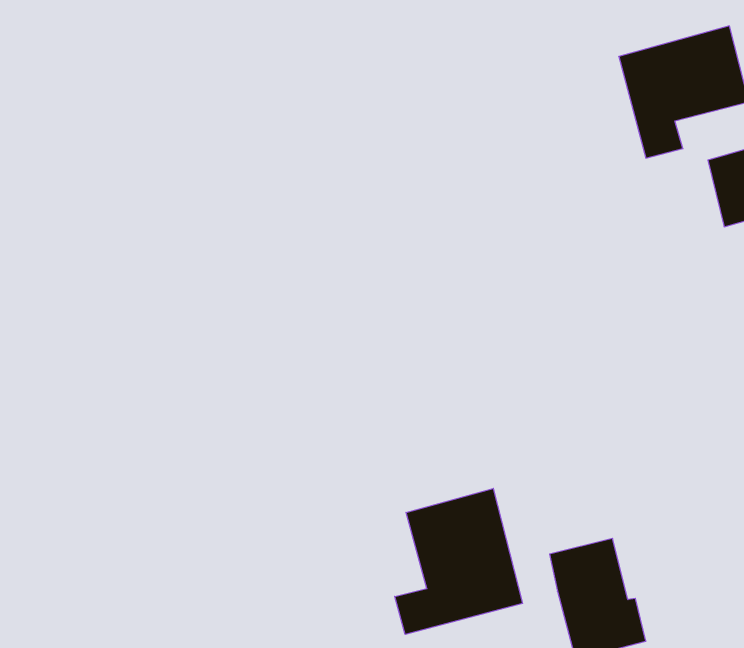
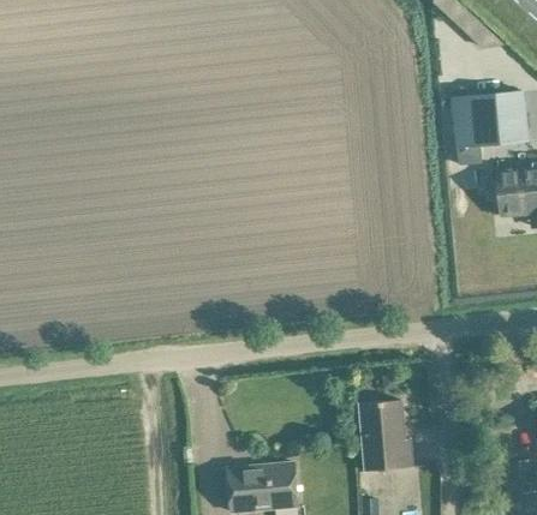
building: [395,488,523,634] -> none

